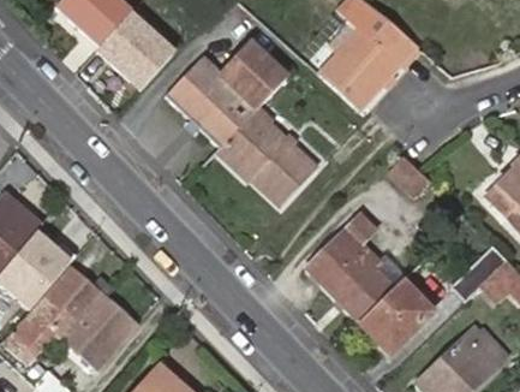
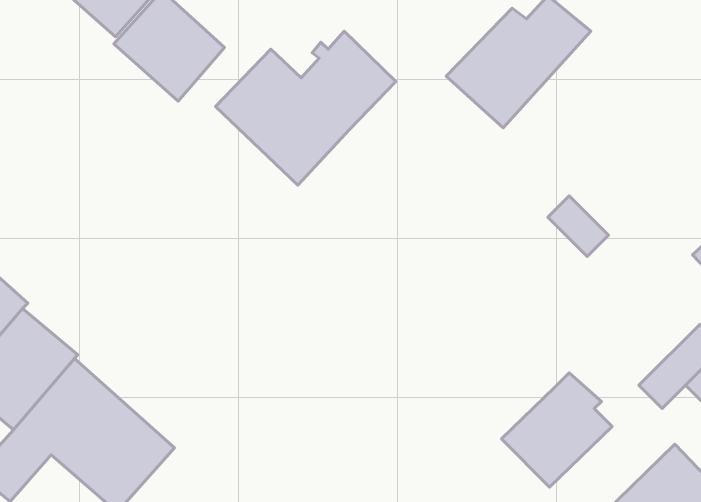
building: [219,111,315,204] -> none
building: [306,212,394,319] -> none

